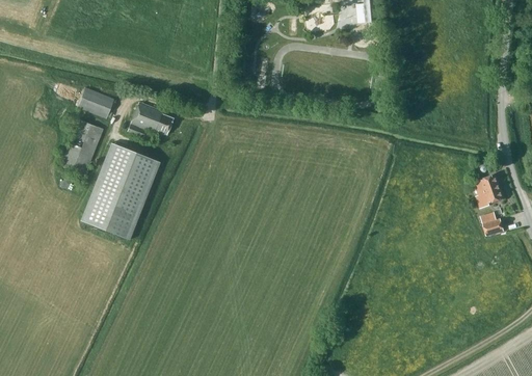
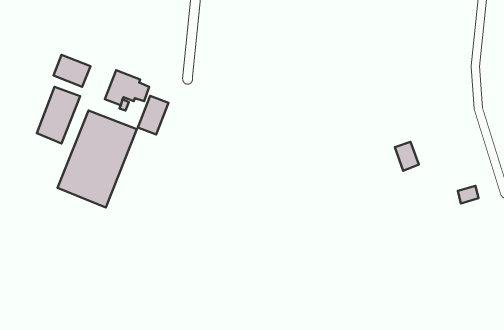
building: none -> [138,96,169,134]
building: [481,174,505,204] -> [395,142,419,171]

